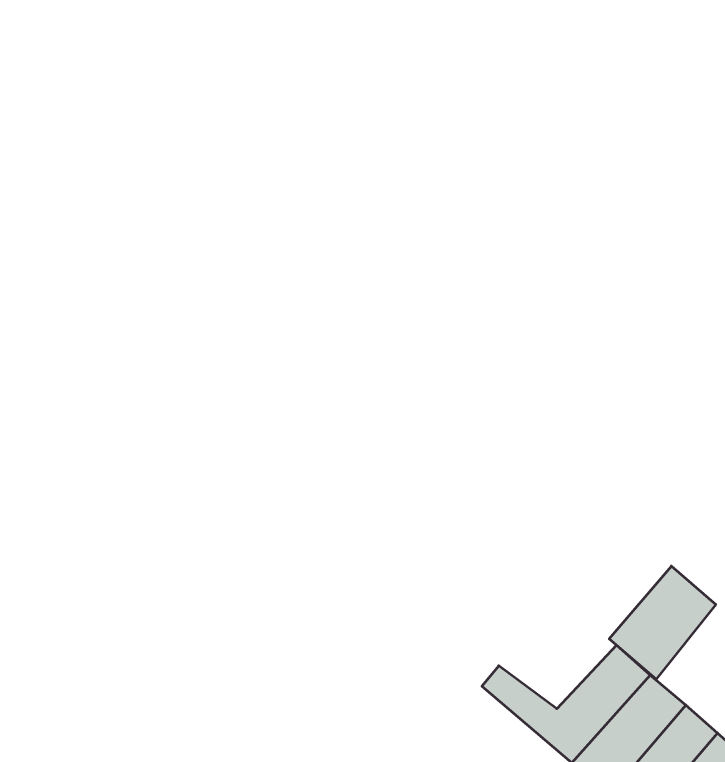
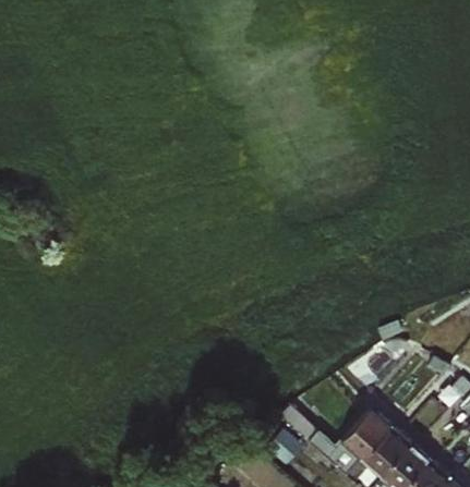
building: [609,566,716,679] -> none

